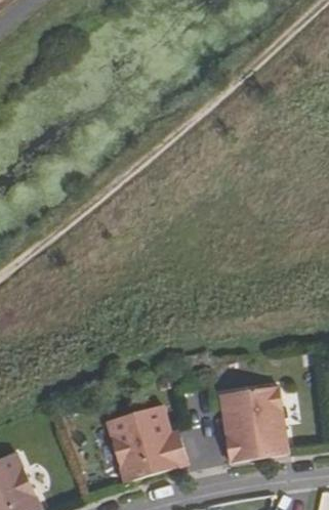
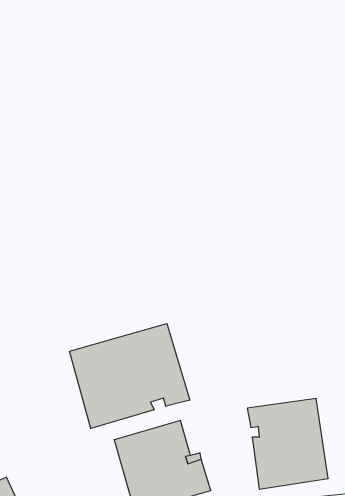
building: none -> [69,324,190,429]

